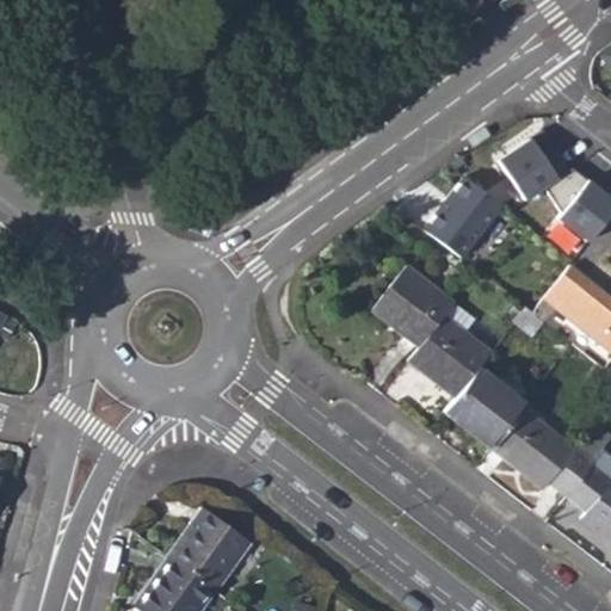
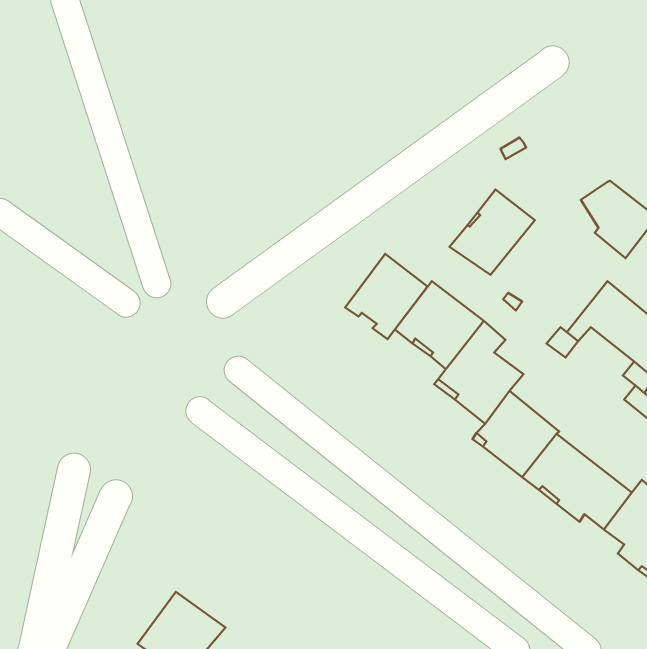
building: [501,131,573,202] -> none
building: none -> [345,254,428,339]
building: [168,508,249,590] -> none

